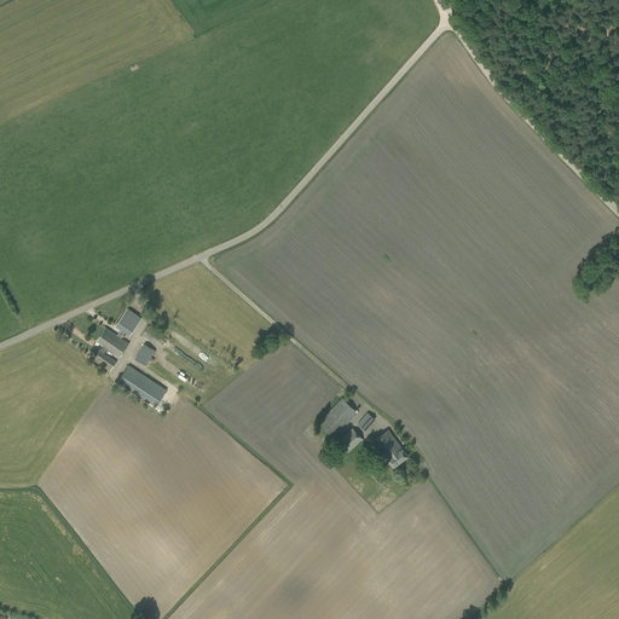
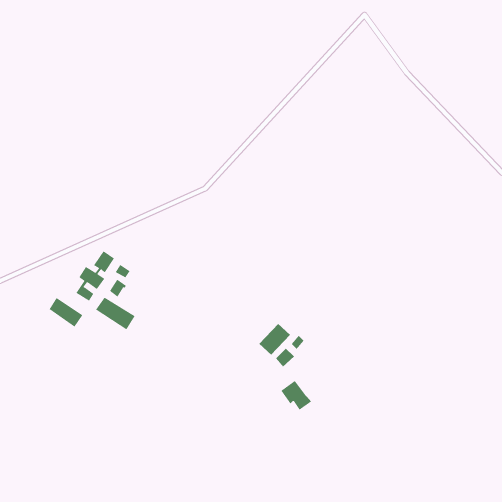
building: none -> [49,297,83,328]
building: [370,429,409,467] -> [280,380,312,410]

